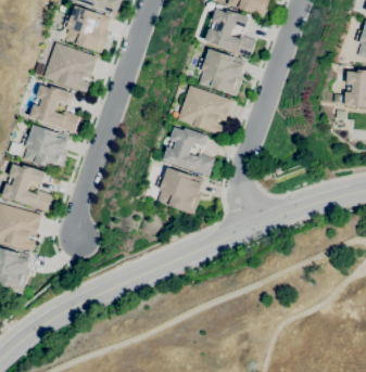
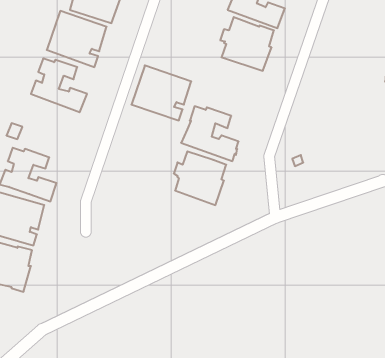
building: [178,86,231,134] -> [131,65,191,120]
building: [23,124,68,167] -> none

